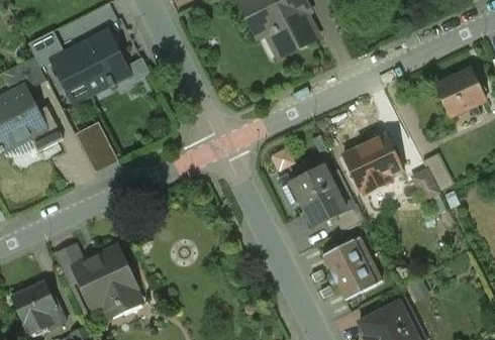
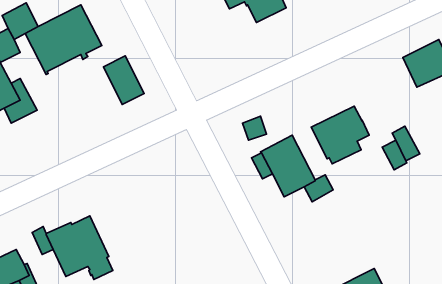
building: [77,122,118,172] -> [103,56,144,105]
building: [322,236,382,299] -> none

